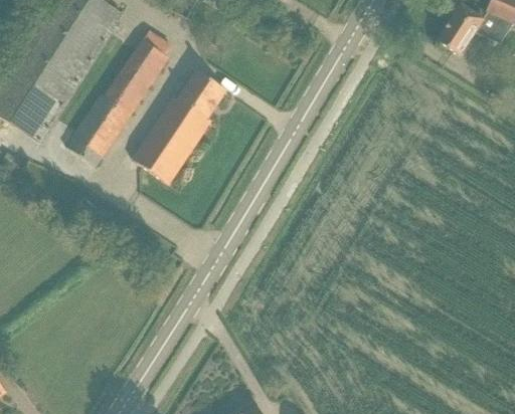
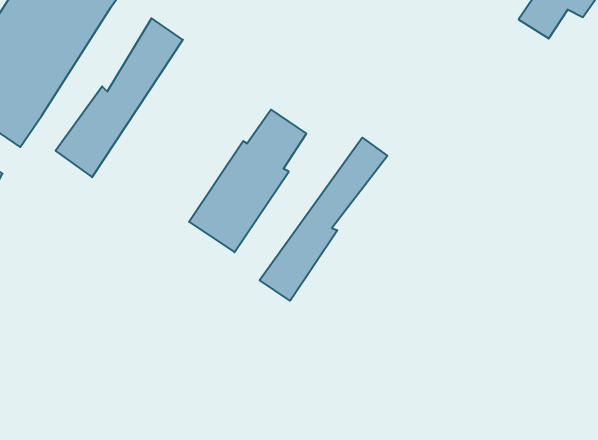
building: [133,69,226,183] -> [189,110,306,252]
building: none -> [260,138,387,301]

